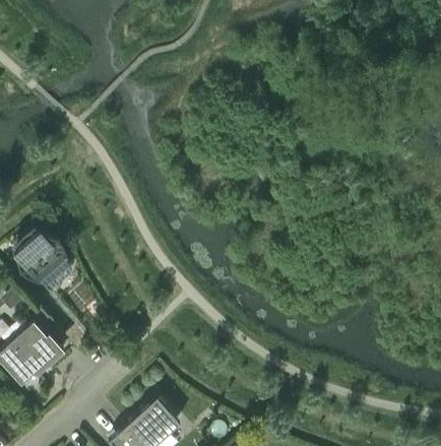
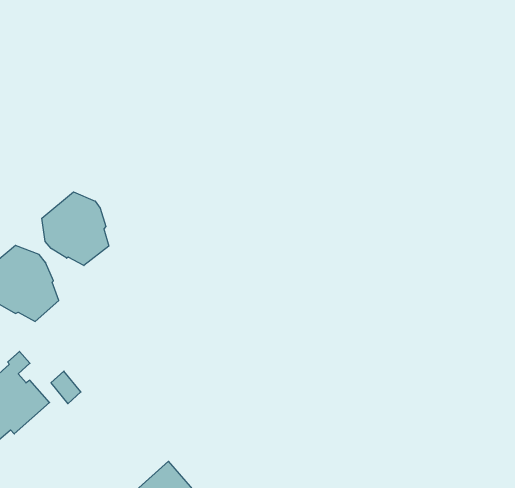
building: none -> [42,192,109,266]

